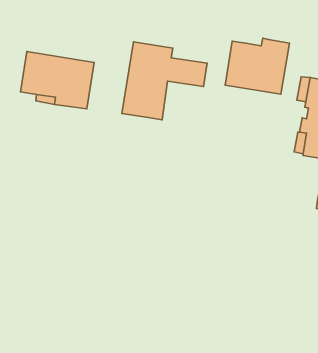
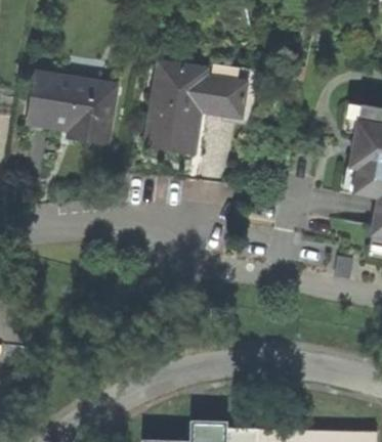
building: [225,38,289,94] -> none

